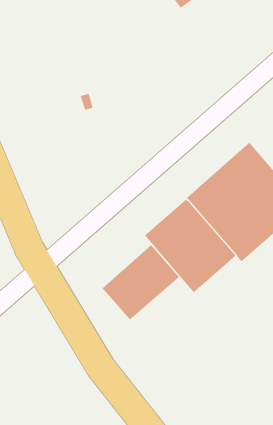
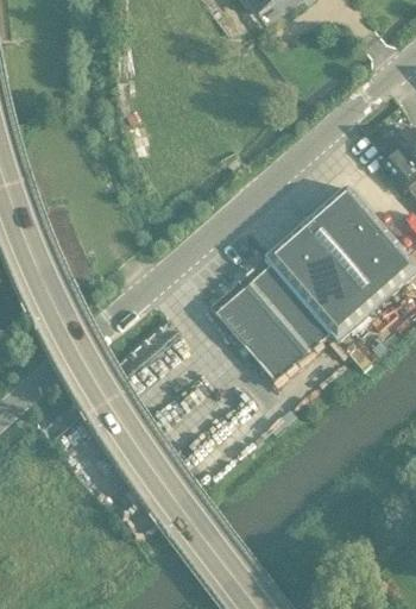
building: [102,245,180,320] -> none

